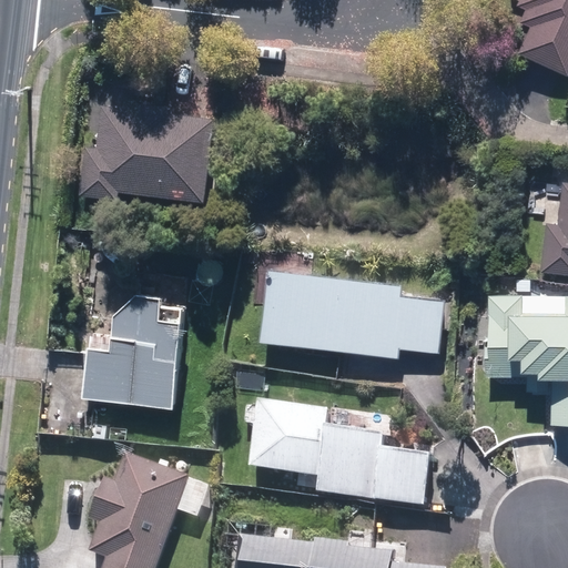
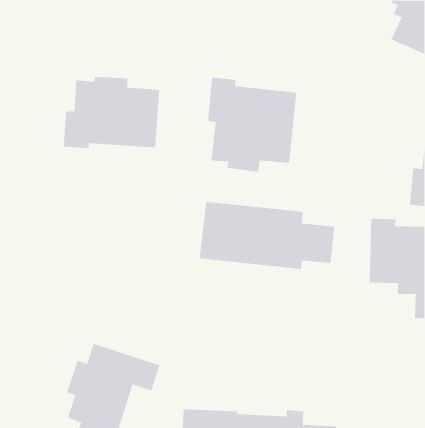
building: none -> [207,77,297,172]
building: [87,292,184,404] -> none
building: [245,396,428,505] -> none

